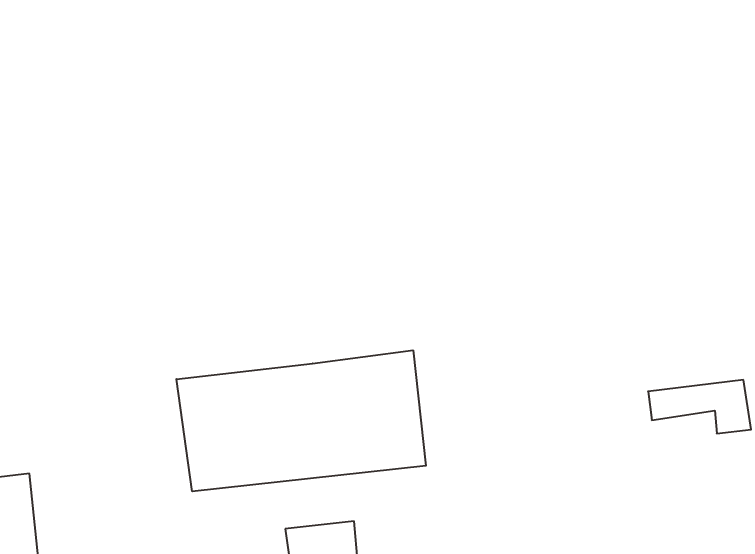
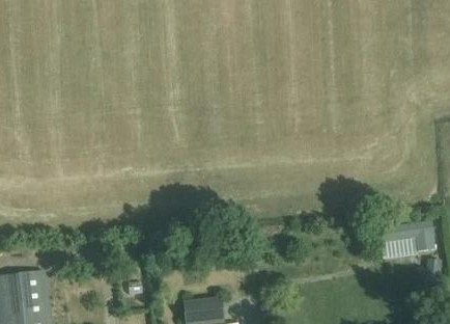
building: [176,350,426,491] -> none

